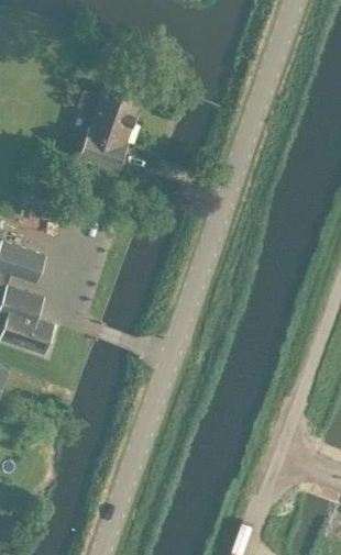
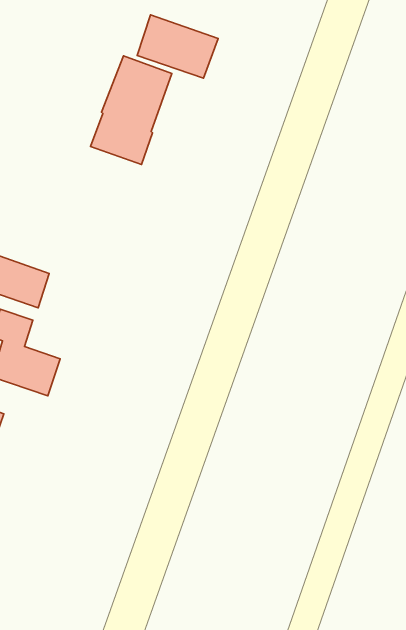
building: none -> [137,15,218,78]

